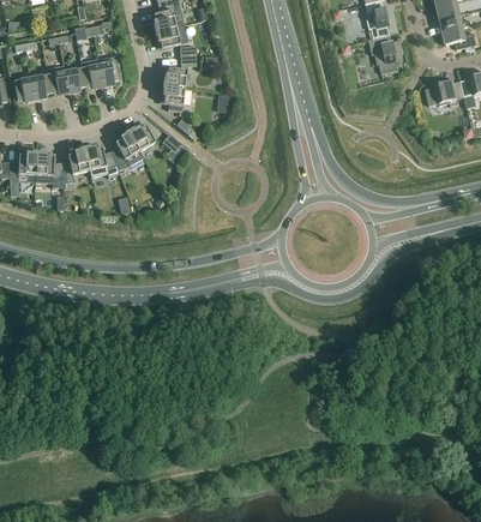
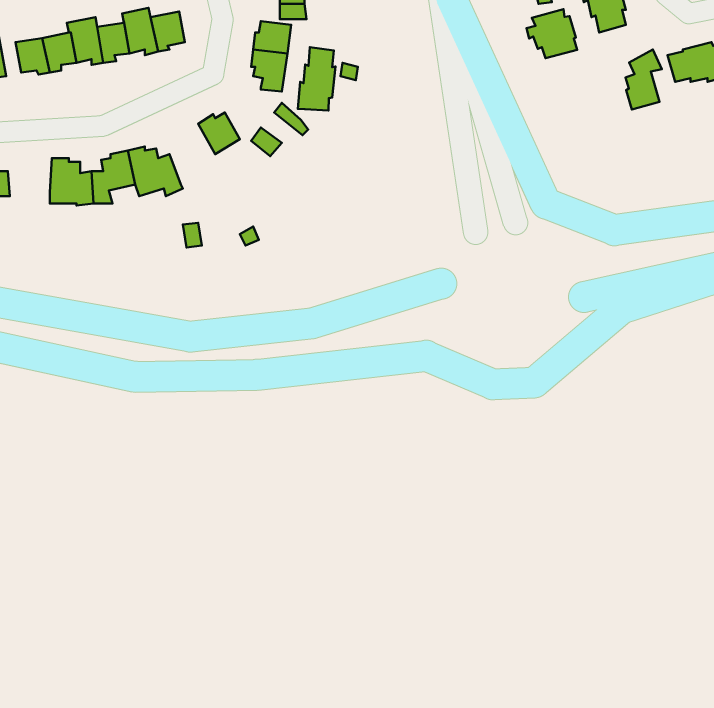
building: none -> [526,9,577,58]
building: none -> [298,47,335,110]
building: none -> [626,50,662,110]
building: [110,131,144,169] -> none
building: [8,151,36,176] -> none

